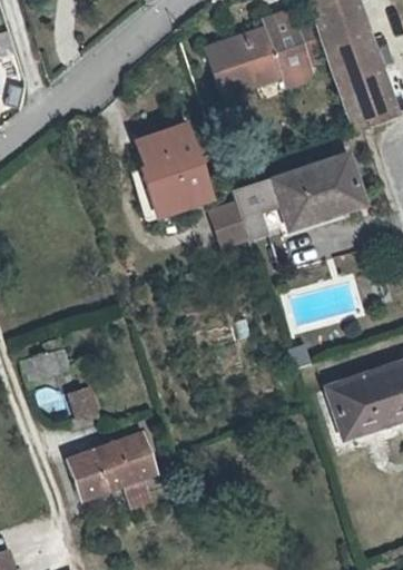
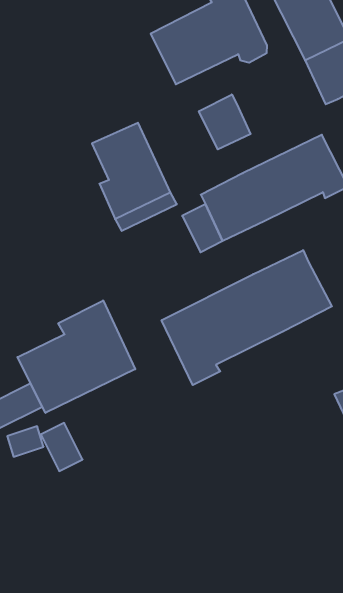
building: none -> [199,94,251,149]
building: none -> [162,250,332,385]
building: none -> [17,300,135,413]
building: [67,430,156,497] -> none

